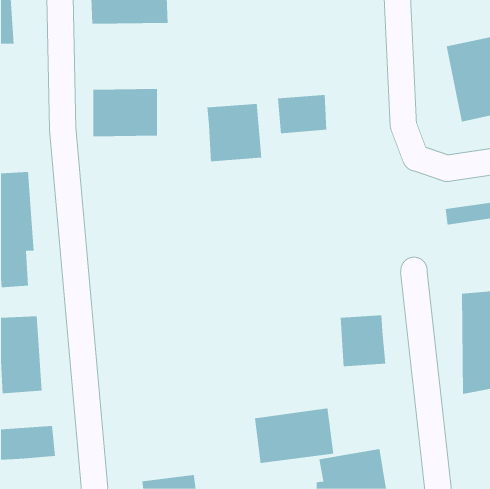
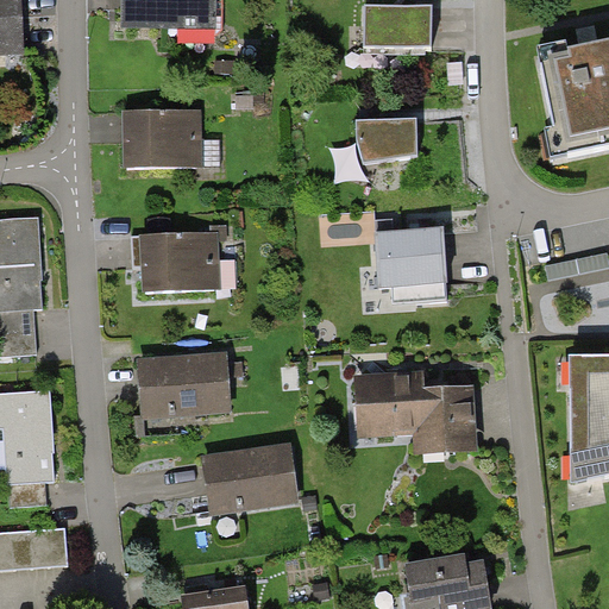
building: none -> [352,5,422,54]
building: [207,103,262,162] -> none
building: none -> [378,225,450,300]
building: none -> [132,231,215,293]
building: none -> [131,354,222,419]
building: none -> [352,370,421,435]
building: [254,408,334,464] -> [196,444,295,513]

